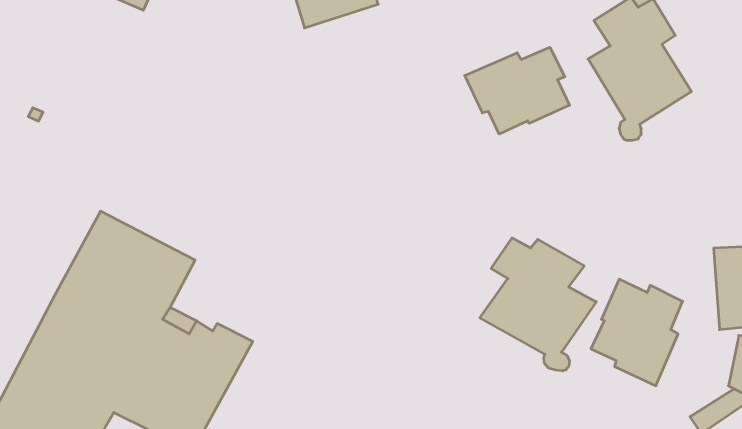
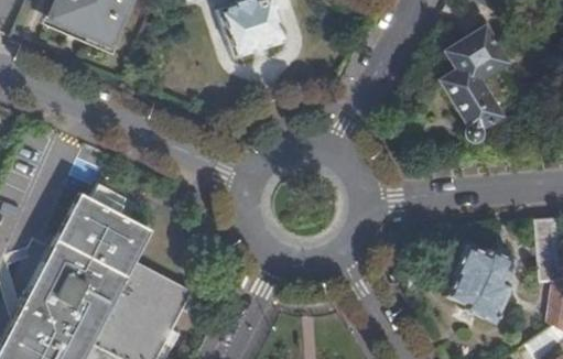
building: [465,47,570,134] -> none
building: [480,238,596,371] -> none

